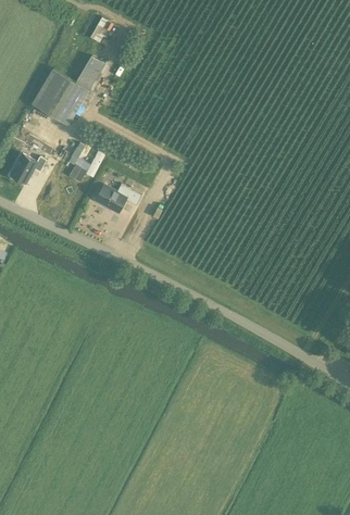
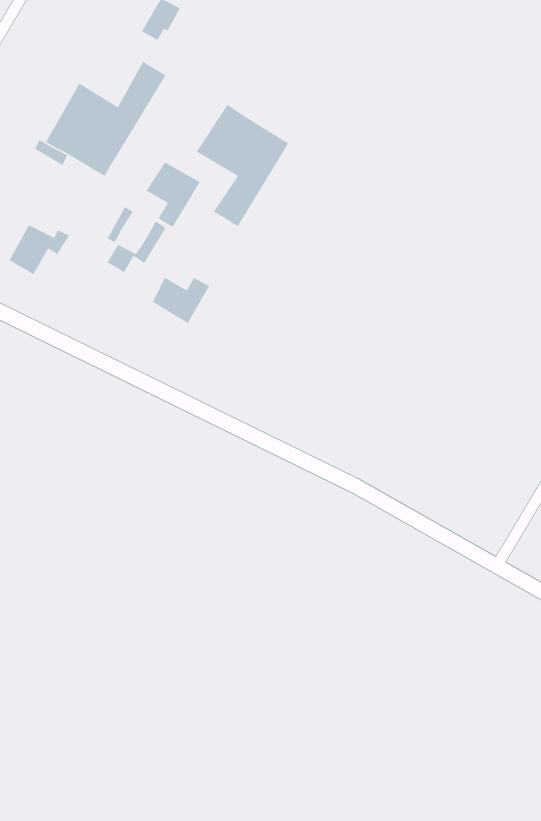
building: none -> [196,104,289,227]
building: none -> [145,162,201,228]

